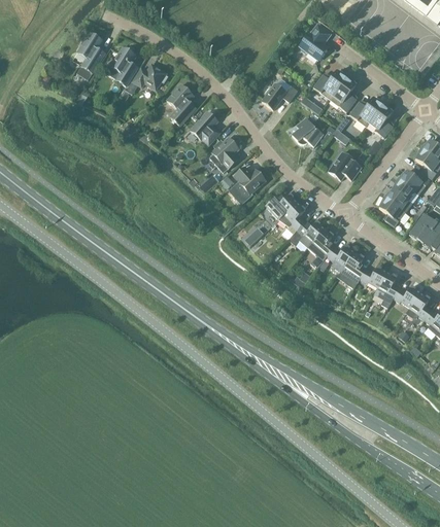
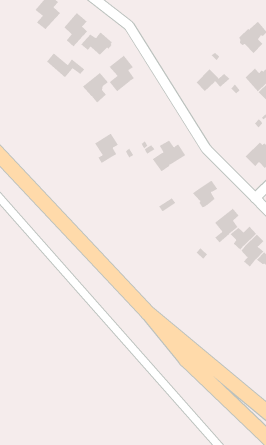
building: none -> [46,53,85,78]
building: [190,111,217,145] -> [82,72,109,103]
building: [292,117,323,146] -> none
building: [211,137,238,172] -> [94,133,119,164]
building: [265,192,297,219] -> none
building: [287,220,325,247] -> none

